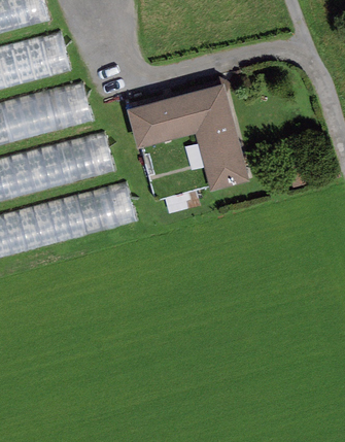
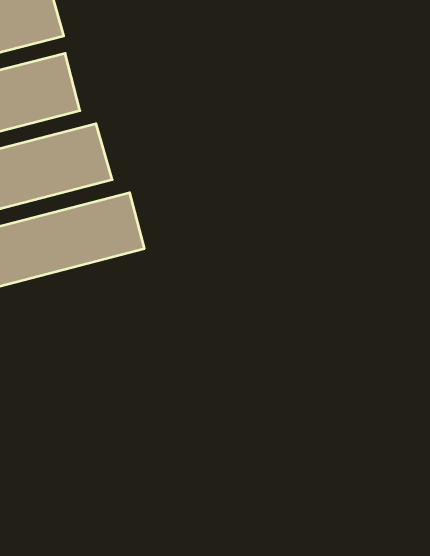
building: [125,82,247,190] -> none

